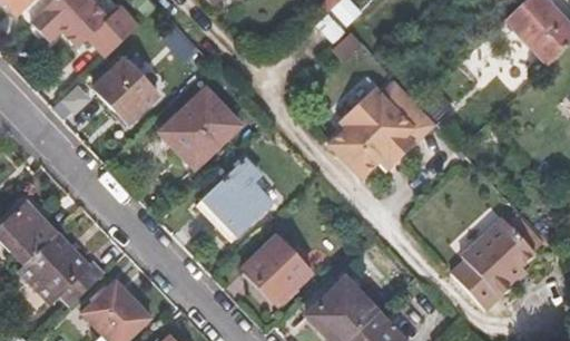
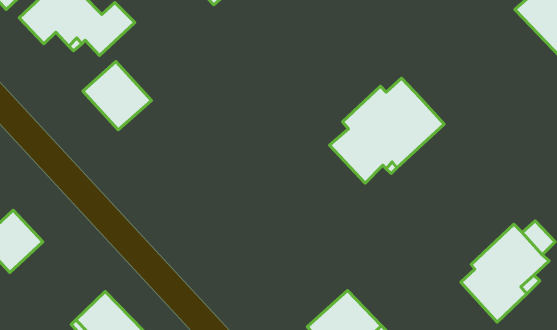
building: [157,91,240,170] -> none
building: [199,167,272,241] -> none
building: [21,233,106,303] -> none
building: [243,236,311,304] -> none

